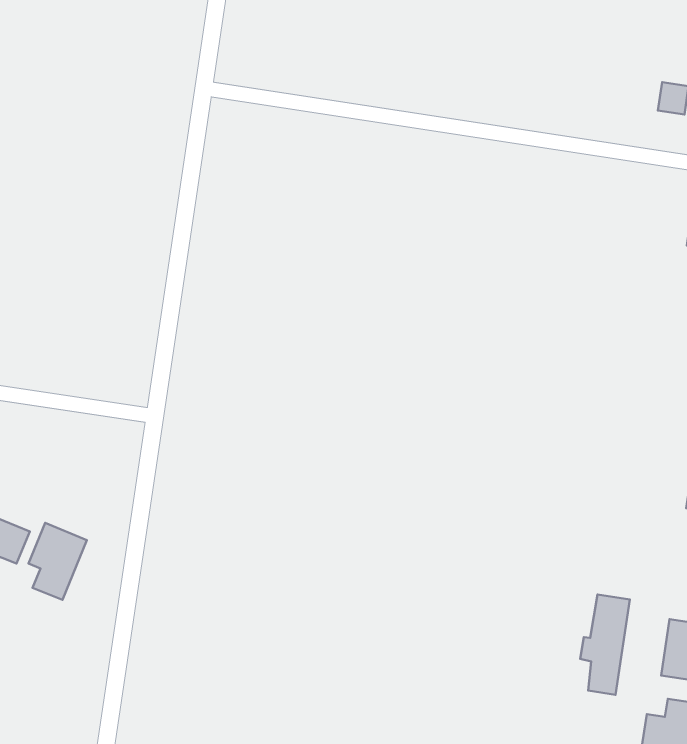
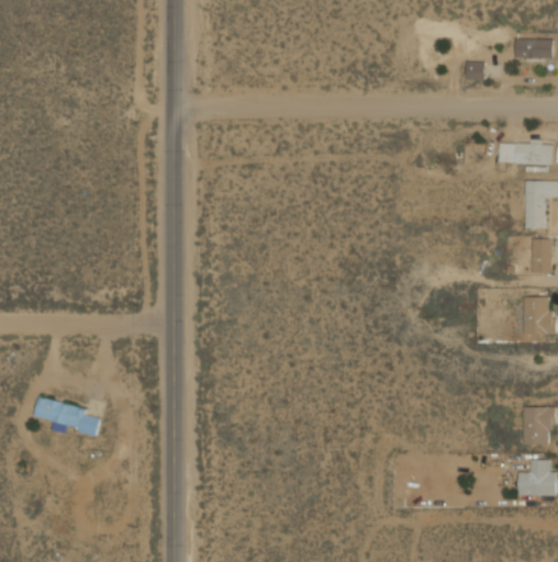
building: [28,523,87,600] -> none
building: [580,595,630,695] -> none

